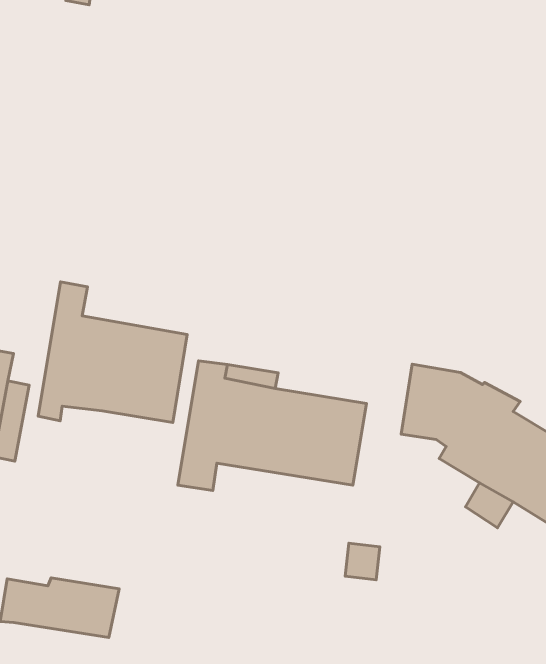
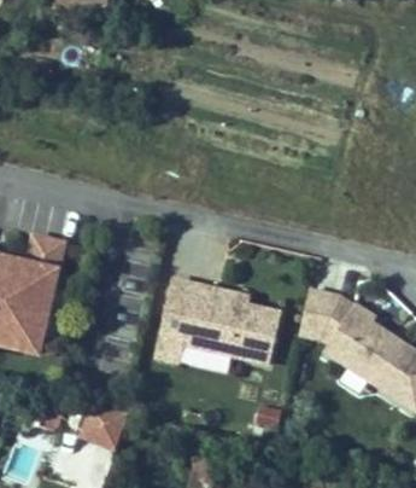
building: [38,282,187,423] -> none

